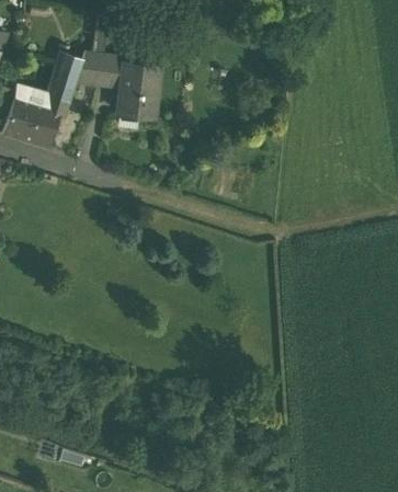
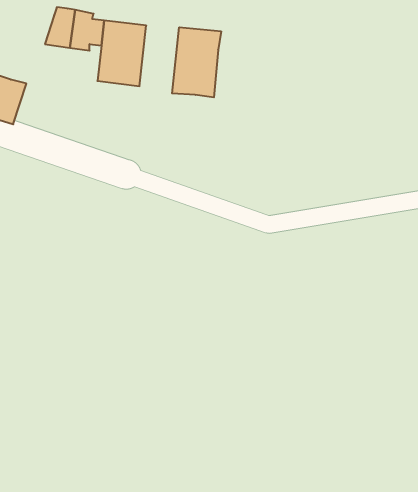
building: [45,53,81,117] -> none
building: none -> [172,27,221,97]

